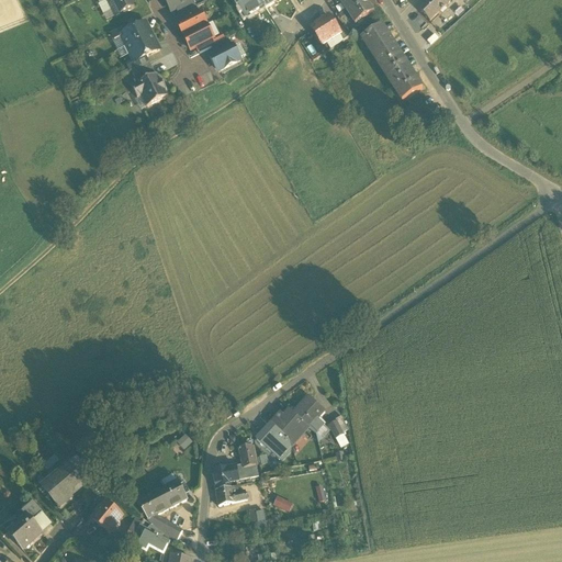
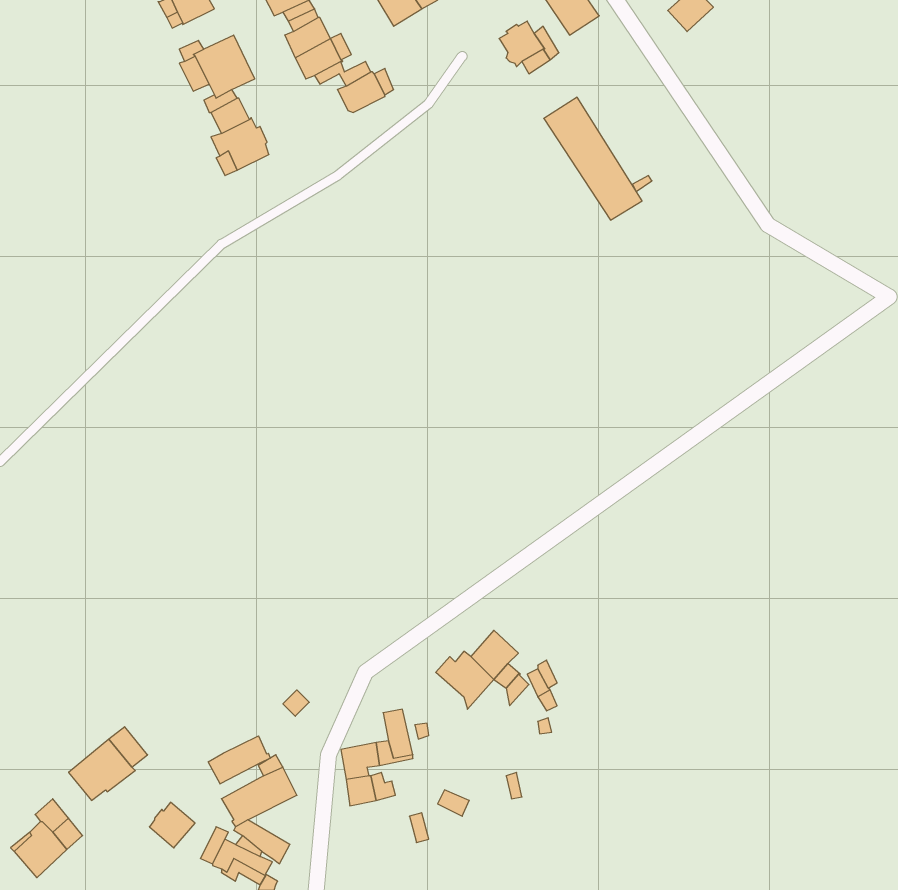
building: [361,22,423,99] -> [544,97,642,220]
building: [256,419,292,457] -> none
building: none -> [208,736,270,784]

